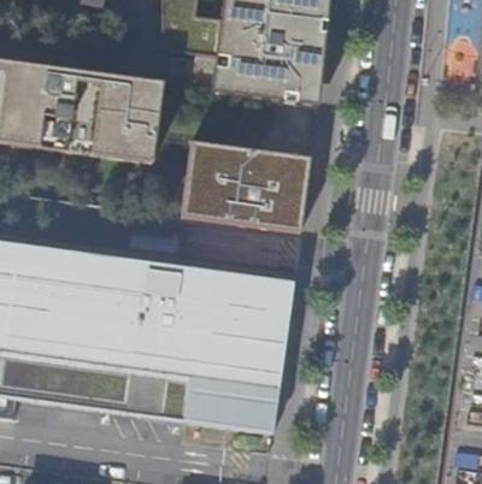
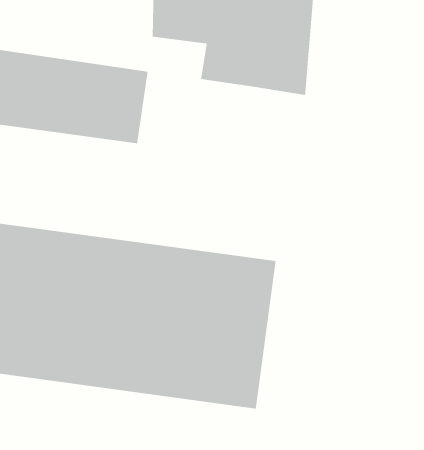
building: [182,141,312,231] -> none

